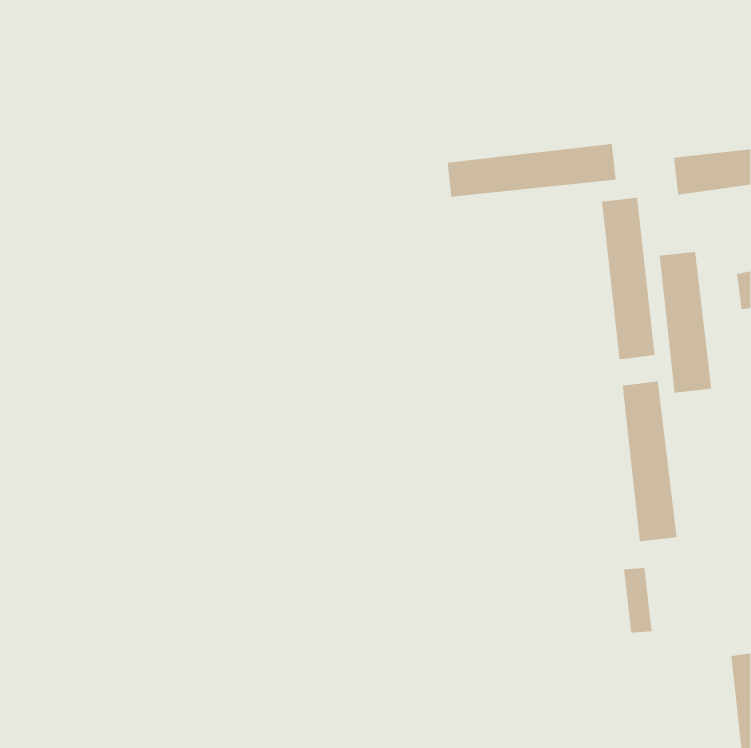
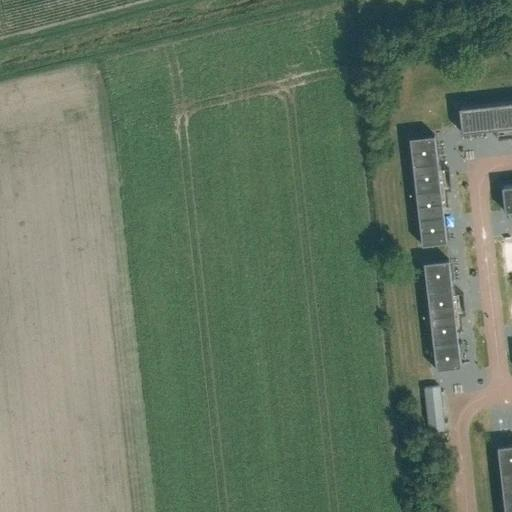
building: [447,143,617,198] -> none
building: [659,251,712,393] -> none

